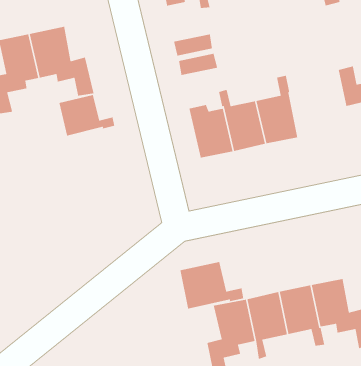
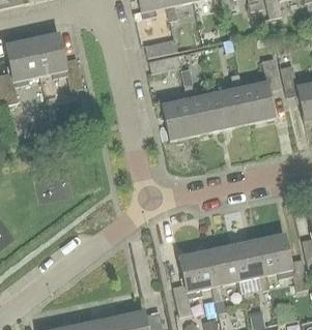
building: none -> [239,57,279,122]
building: [59,94,115,136] -> none
building: [179,261,244,309] -> none

